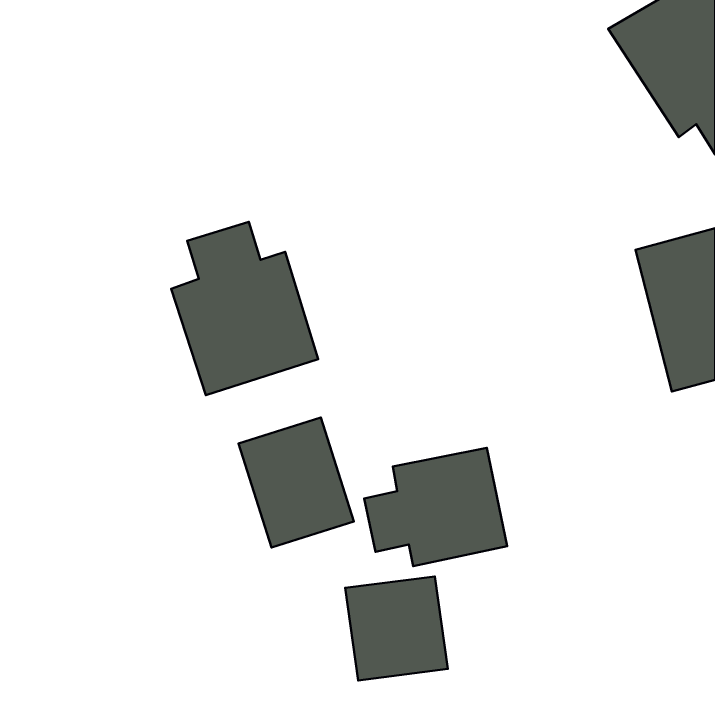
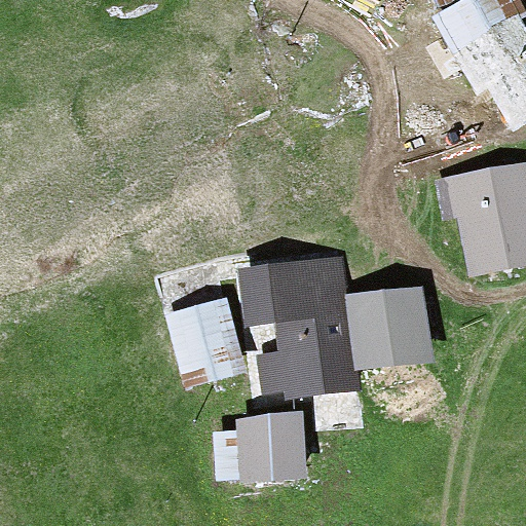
building: [171,222,318,395] -> none
building: none -> [245,251,346,331]
building: none -> [352,279,439,368]

